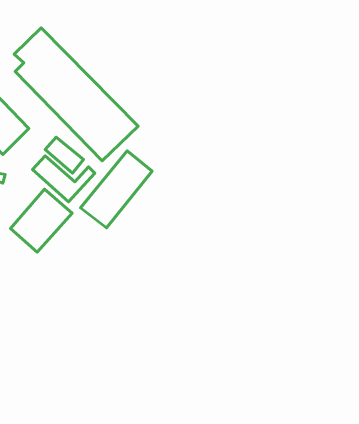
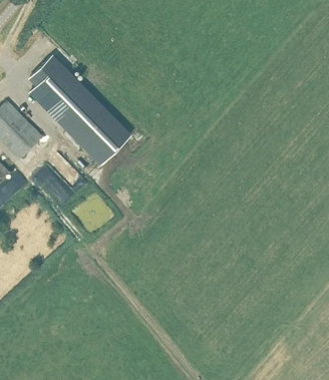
building: [80,151,152,228] -> none
building: [10,189,72,252] -> none

